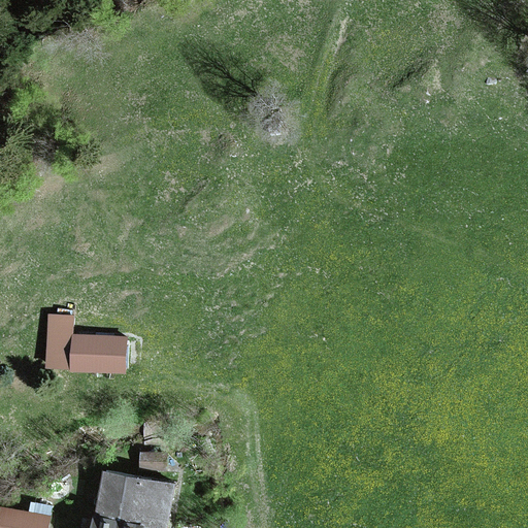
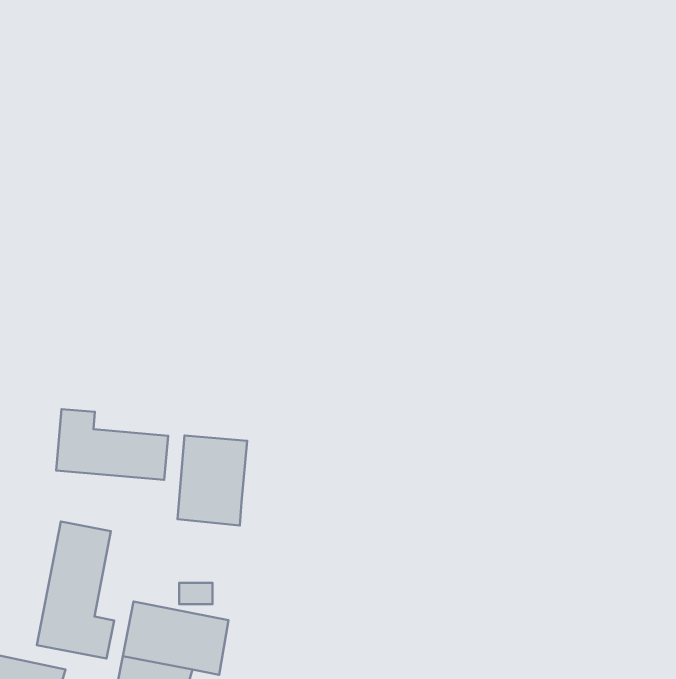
building: none -> [178,435,247,526]
building: none -> [37,522,114,659]

